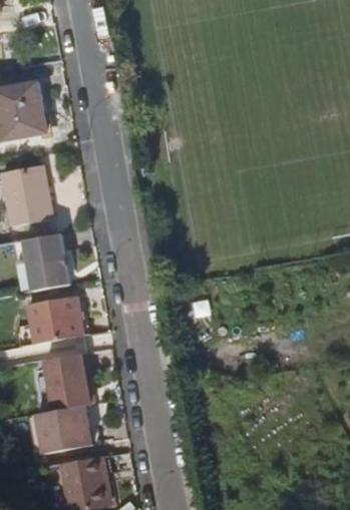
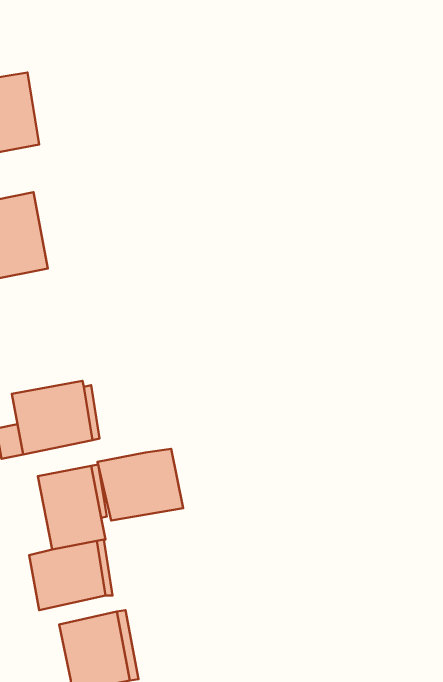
building: [22,232,67,291] -> none
building: none -> [98,449,183,521]

